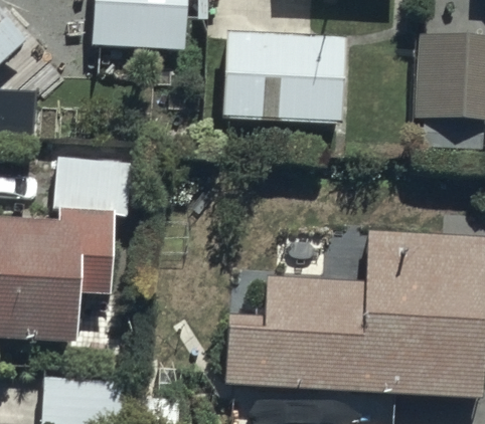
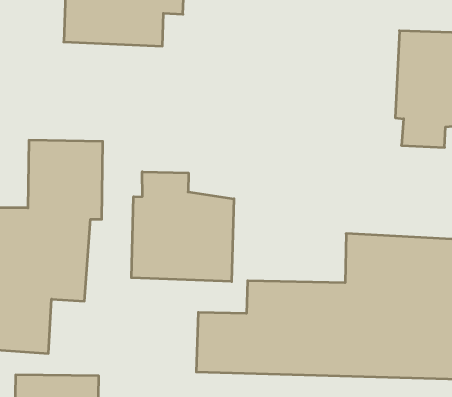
building: [220,30,341,125] -> none
building: none -> [131,172,234,282]

